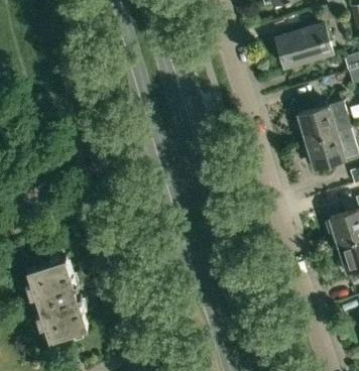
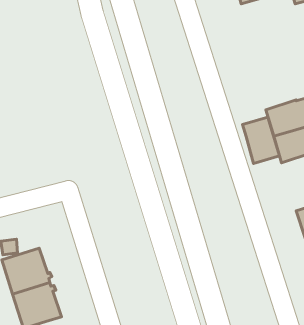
building: [276,24,333,67] -> none
building: none -> [243,117,280,164]

